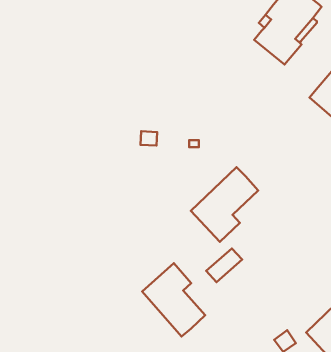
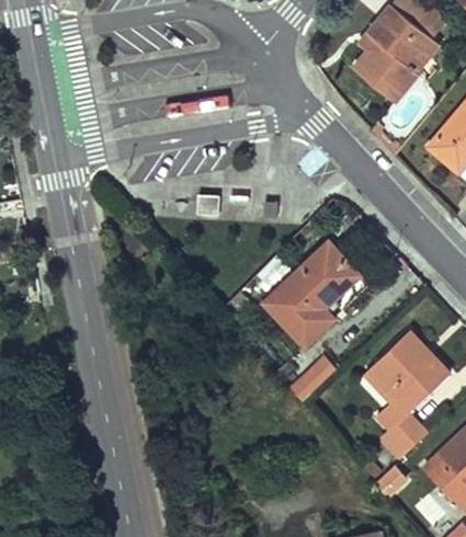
building: none -> [363,331,450,457]
building: [142,263,205,336] -> none

